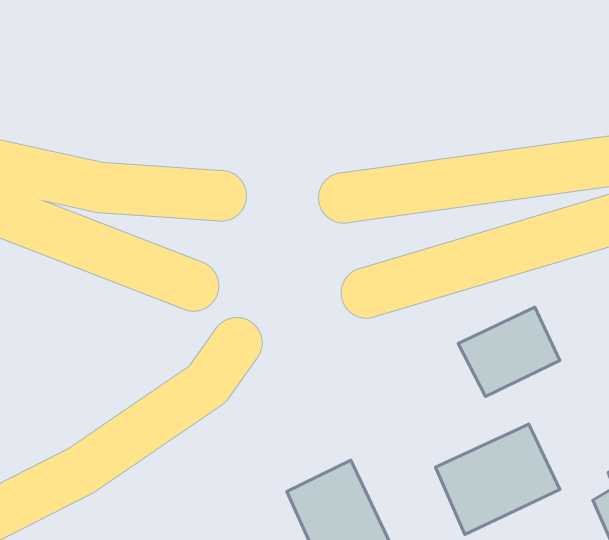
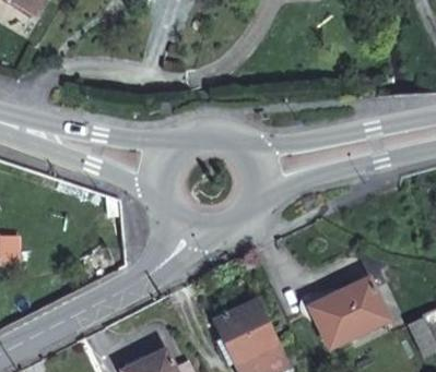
building: [458,307,560,396] -> none

